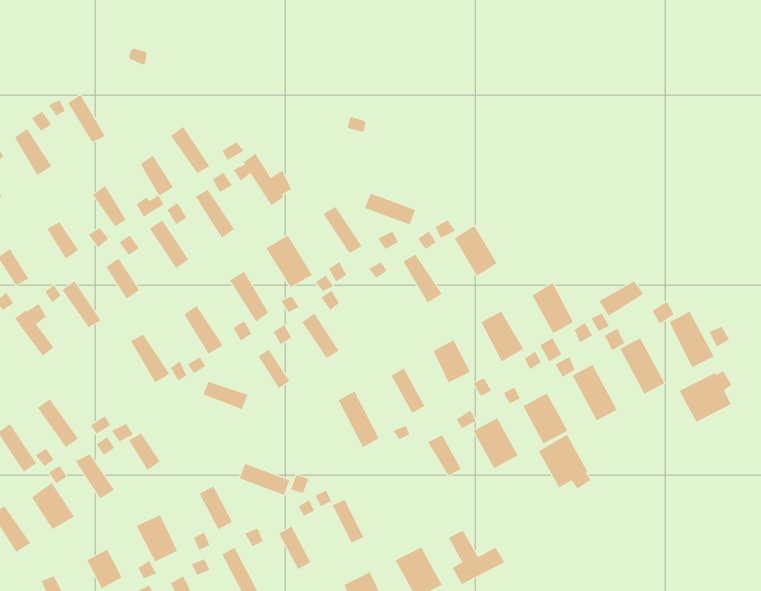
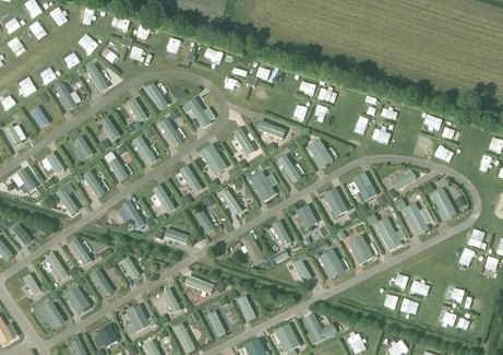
building: none -> [249,170,277,200]
building: [679,370,732,422] -> none
building: [538,434,591,489] -> none

